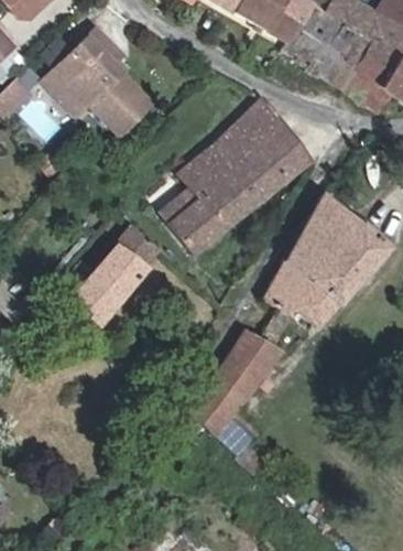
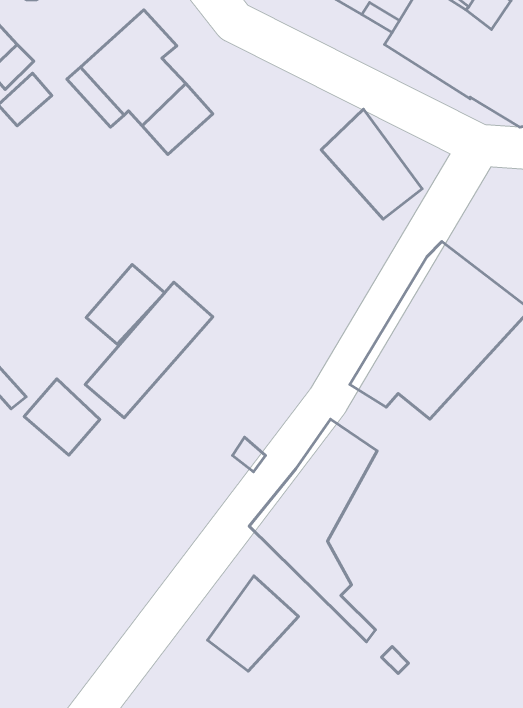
building: [155,128,283,249] -> none
building: none -> [86,264,165,344]
building: none -> [24,379,100,455]
building: none -> [208,576,299,671]

